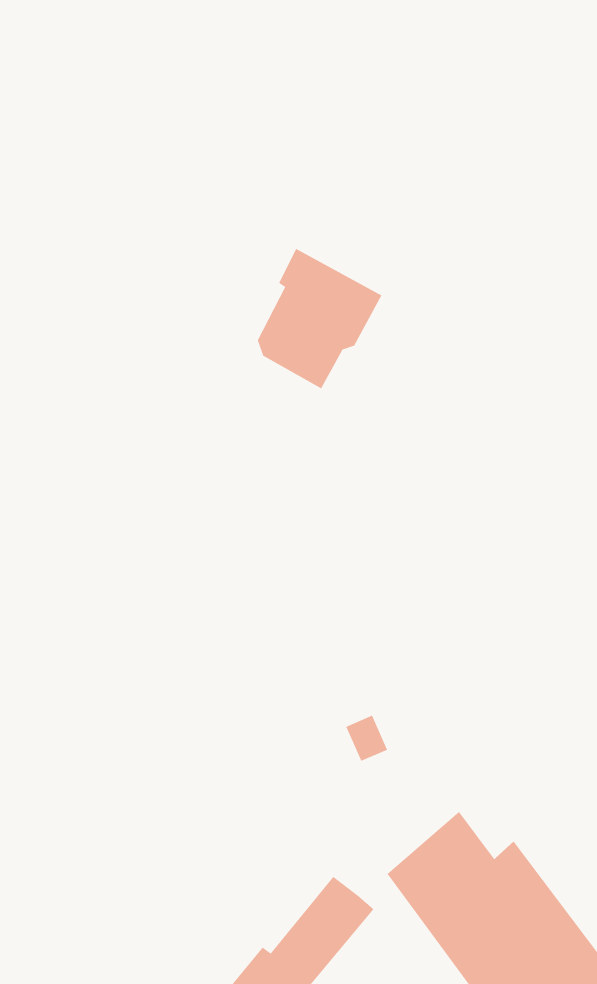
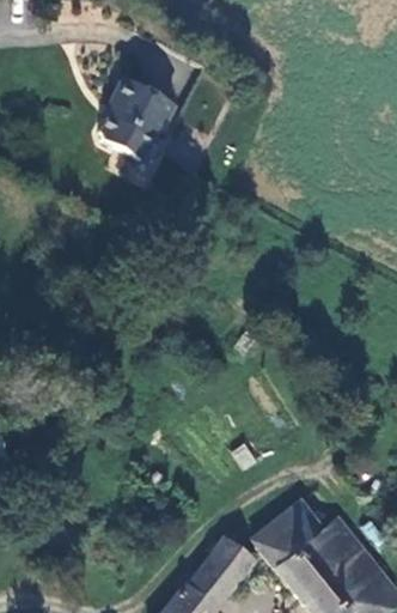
building: [257,248,382,389] -> [92,83,169,169]

